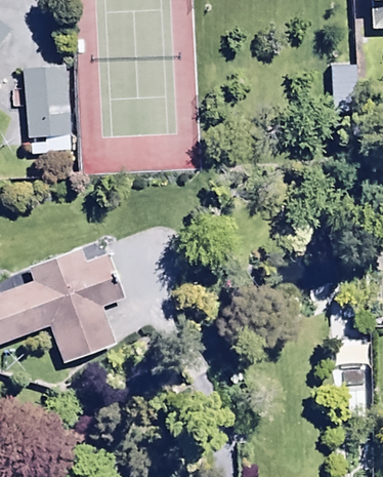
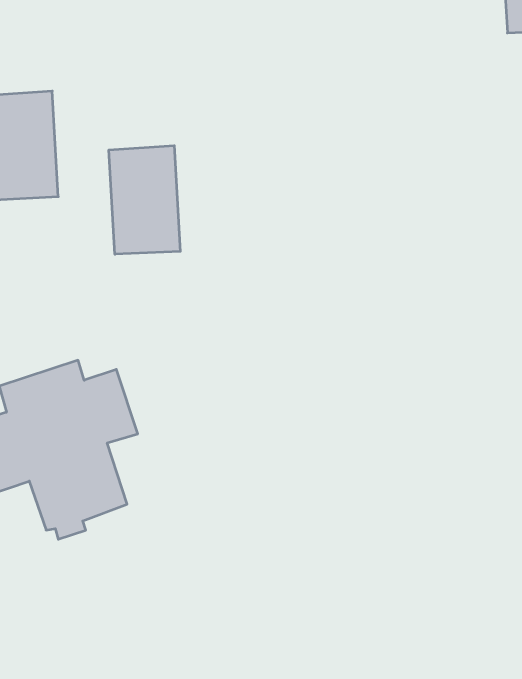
building: none -> [109,146,180,254]

